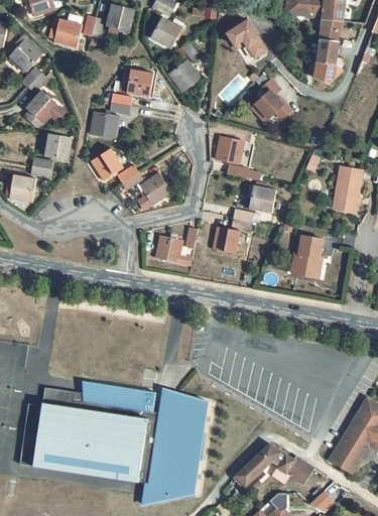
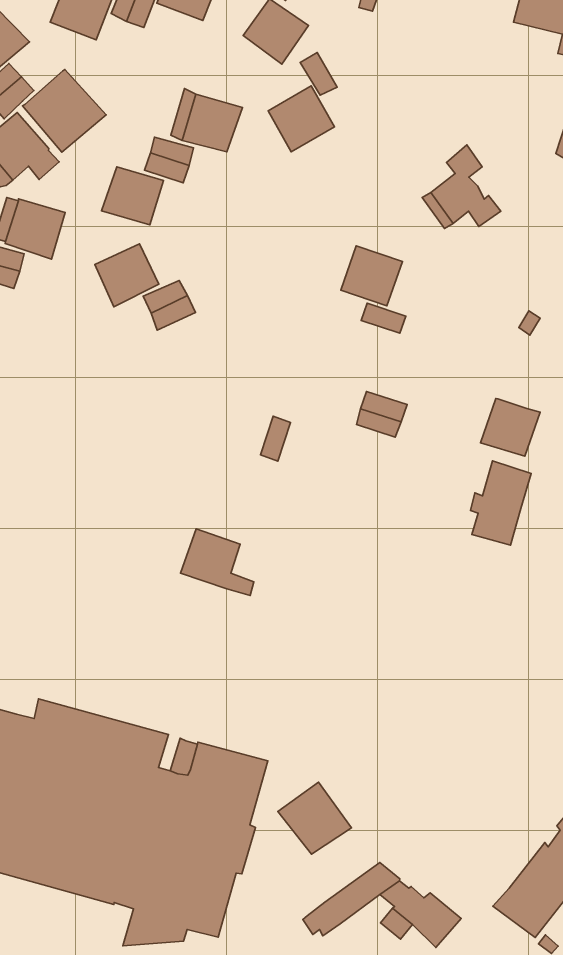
building: [226,19,266,57] -> none
building: none -> [23,69,106,152]
building: [137,172,172,210] -> none
building: [248,185,276,213] -> [480,399,540,456]
building: [212,226,240,254] -> none
building: [154,235,192,265] -> [181,529,254,596]
building: none -> [278,782,351,854]

